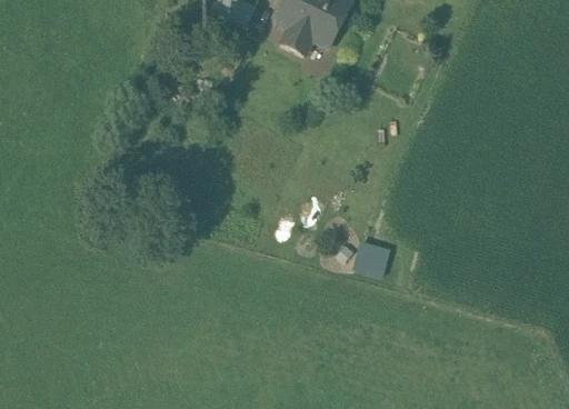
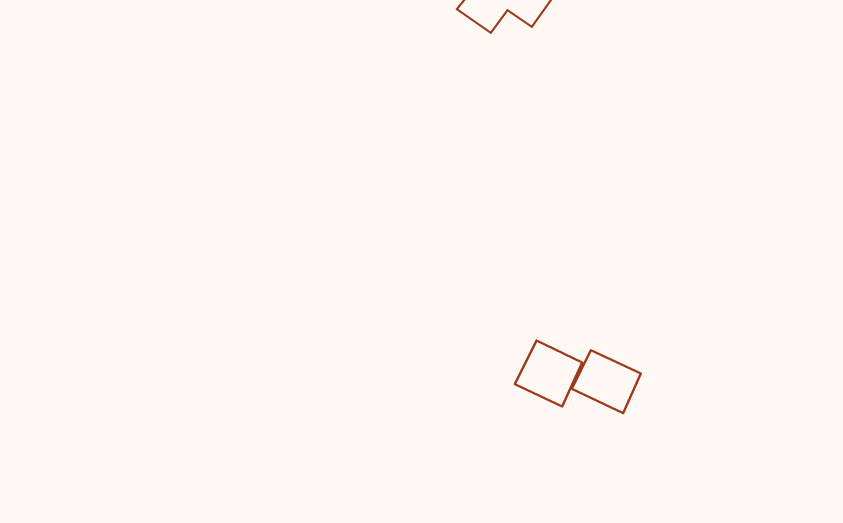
building: none -> [572,350,641,413]

